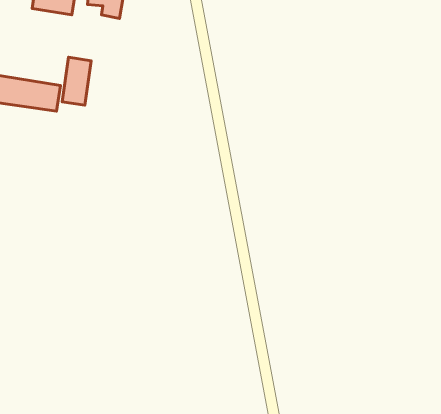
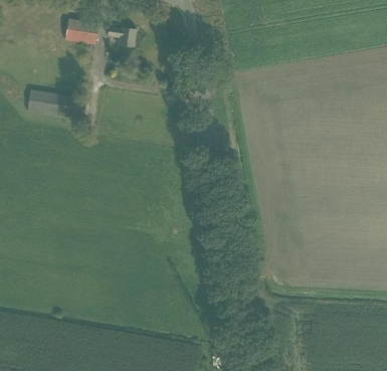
building: [62,57,91,105] -> none

